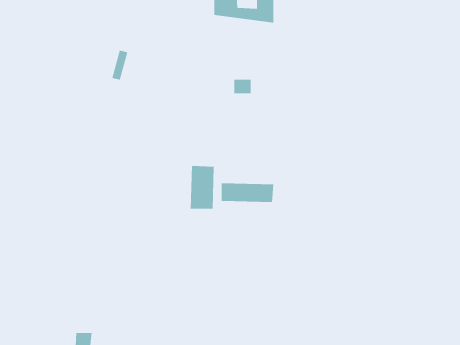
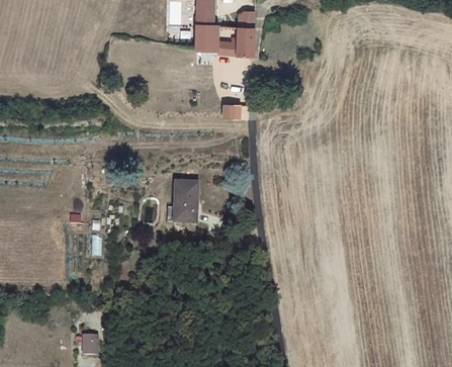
building: [221,182,274,203] -> none

